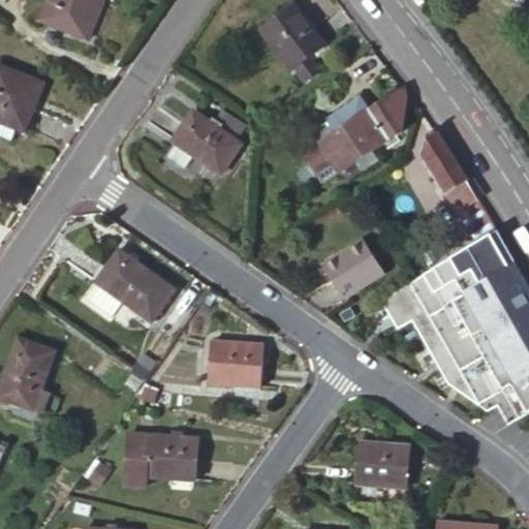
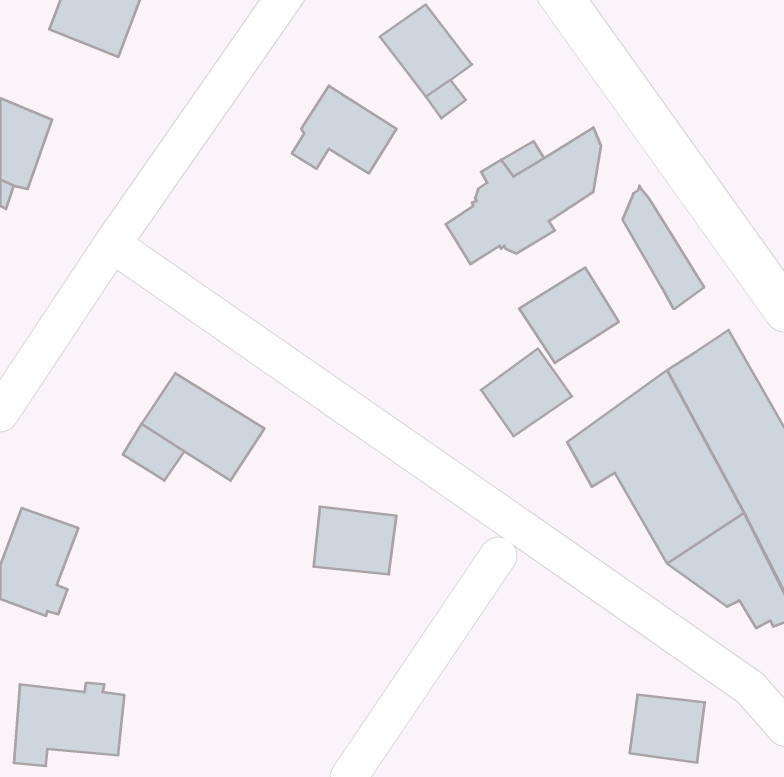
building: [168,114,239,173] -> [292,86,396,173]
building: none -> [519,268,619,363]
building: [455,193,491,237] -> none
building: [128,434,203,490] -> [14,683,124,766]
building: [357,442,408,488] -> [630,695,705,762]

